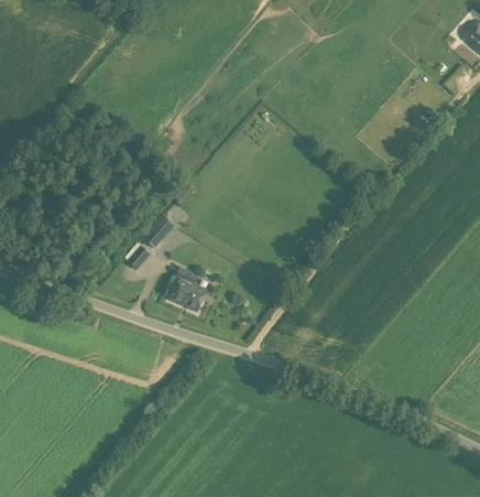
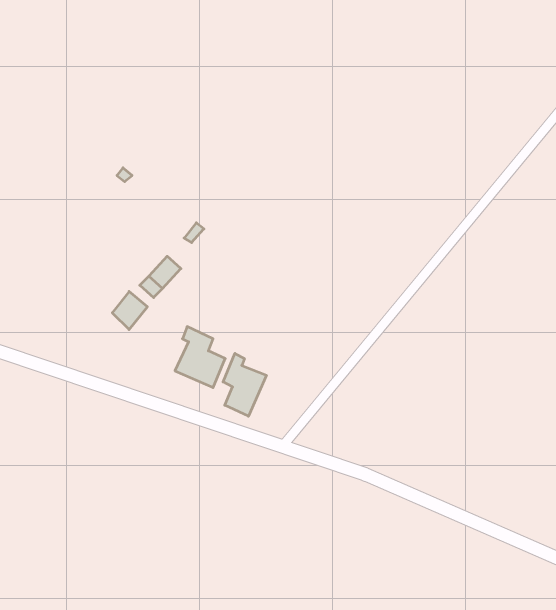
building: none -> [223,353,266,416]

